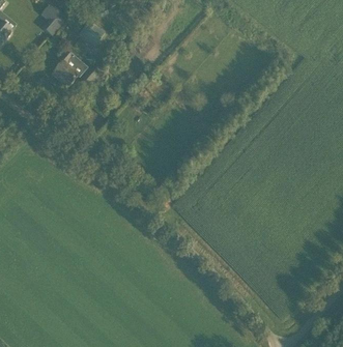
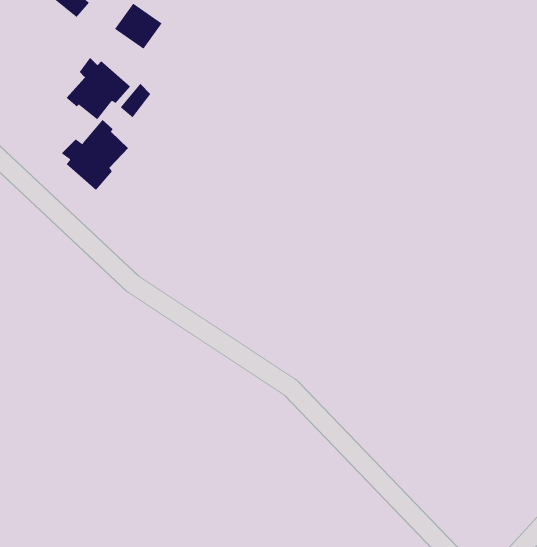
building: none -> [61,119,129,191]

